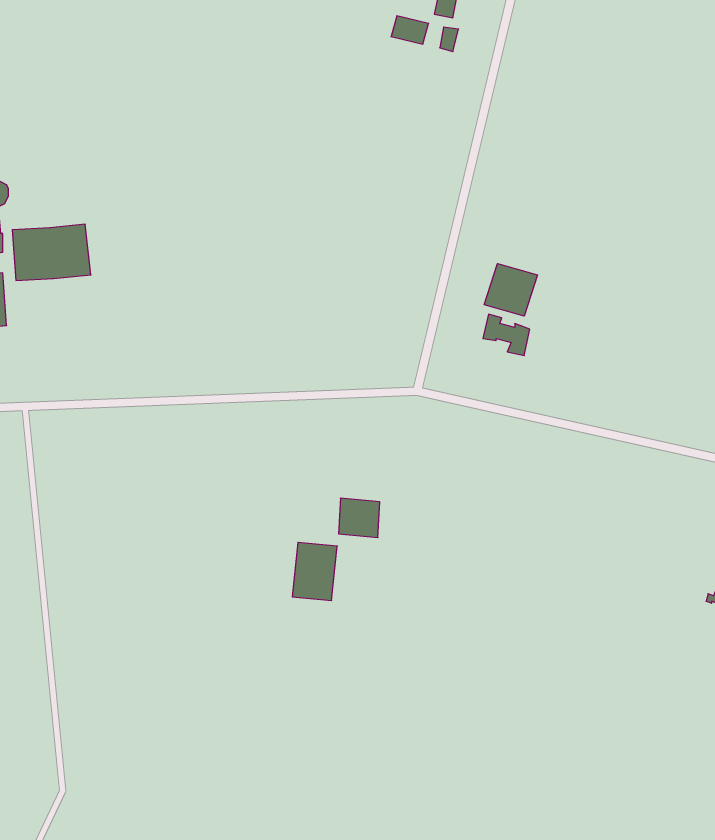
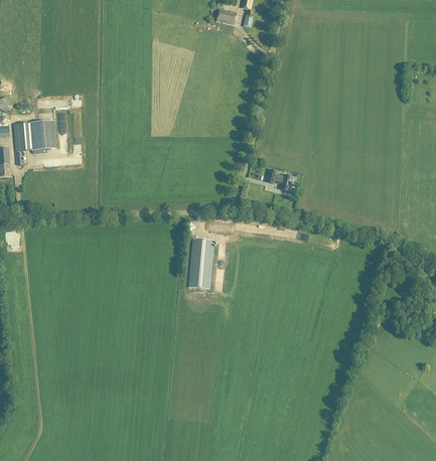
building: [484,264,537,316] -> none
building: [292,542,337,601] -> [189,239,213,270]

